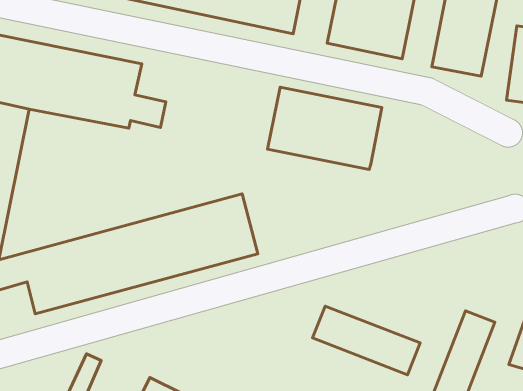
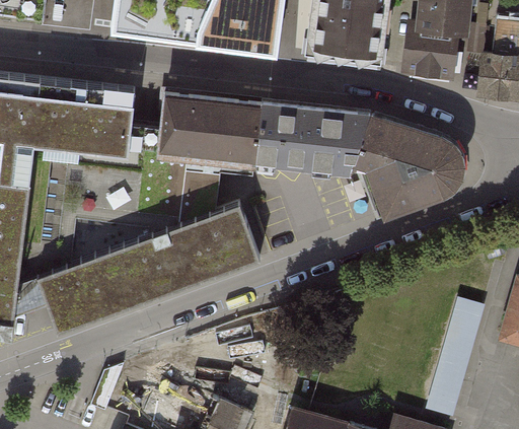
building: none -> [159,91,268,162]
building: none -> [358,115,469,217]
building: [313,306,420,375] -> none

